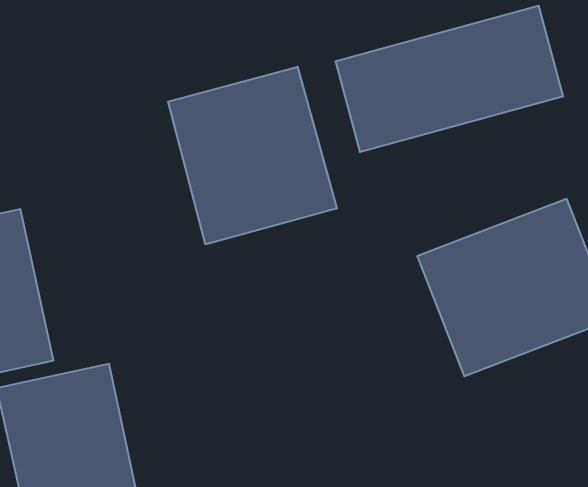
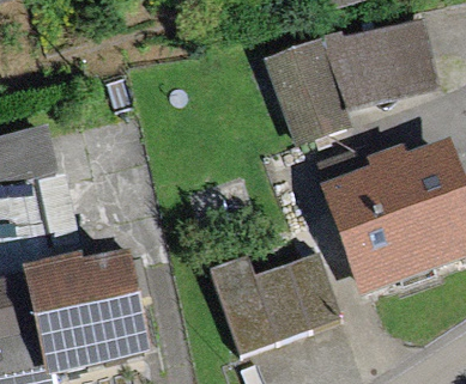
building: [168,67,337,244] -> none
building: none -> [224,269,326,349]

